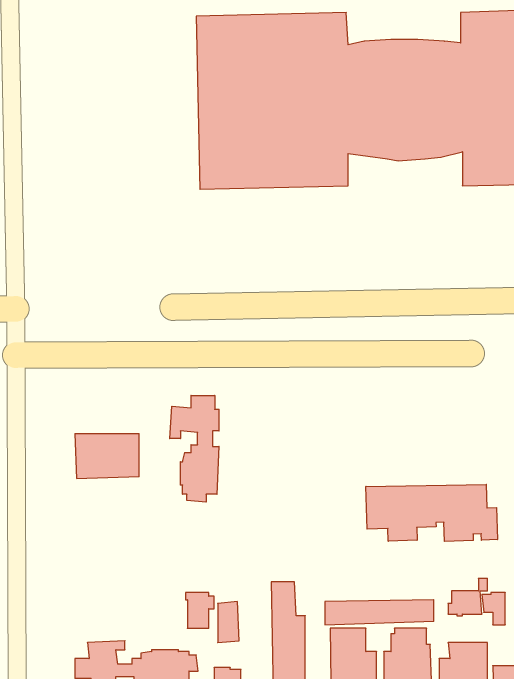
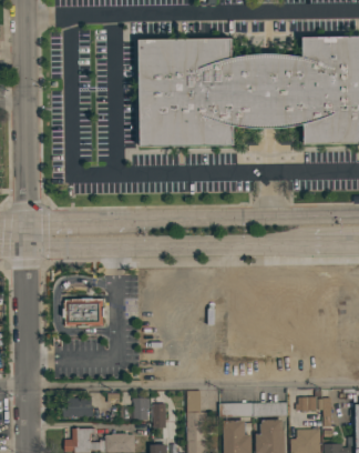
building: [170,395,219,502] -> none
building: [366,484,497,541] -> none
building: none -> [63,397,93,416]

